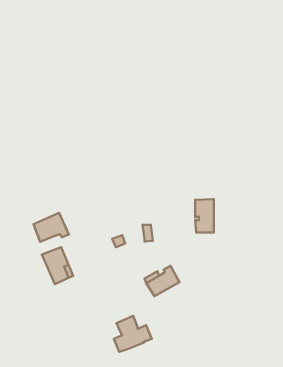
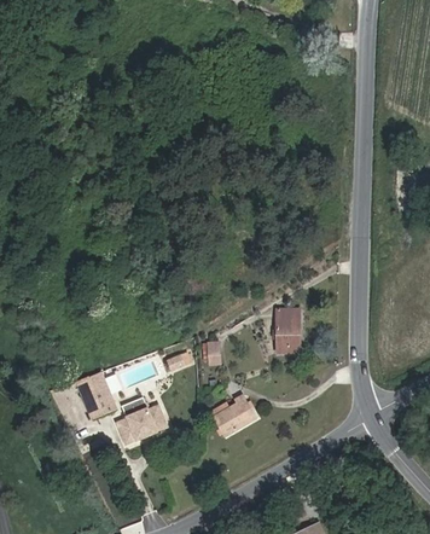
building: [33,213,69,242] -> none
building: [114,316,152,352] -> [117,396,167,443]

